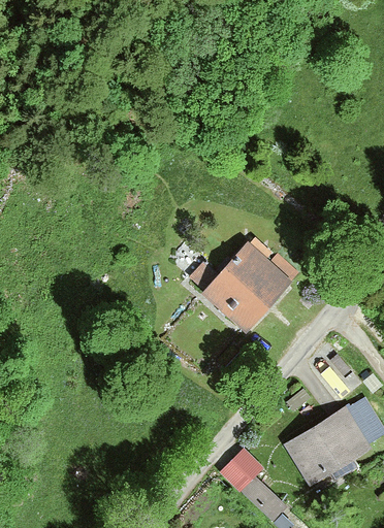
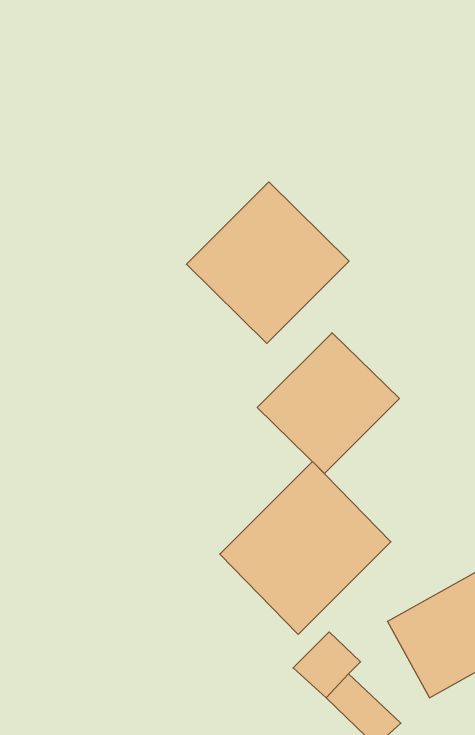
building: none -> [186,182,349,343]
building: none -> [220,462,391,634]

